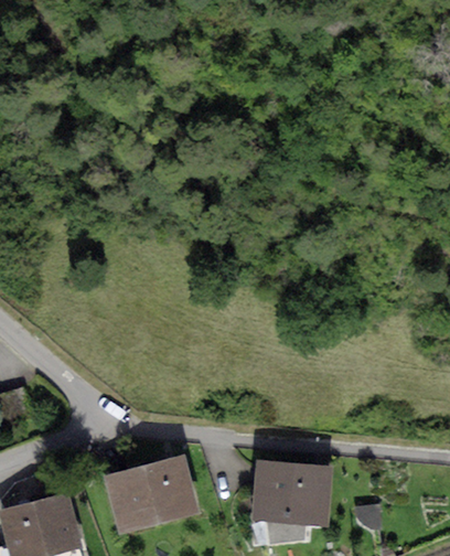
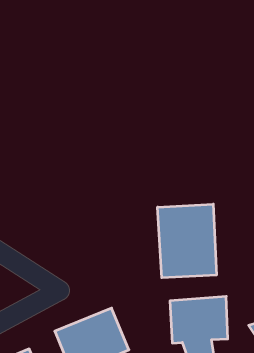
building: none -> [158,204,216,278]

